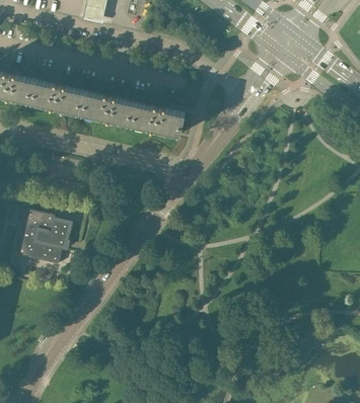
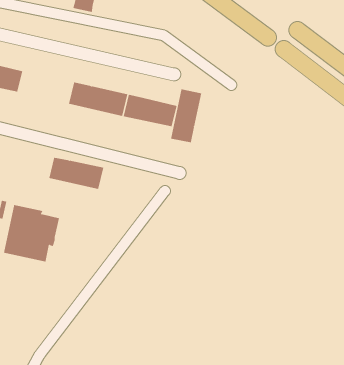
building: [31,80,85,111] -> [48,157,104,190]
building: none -> [170,89,202,143]

